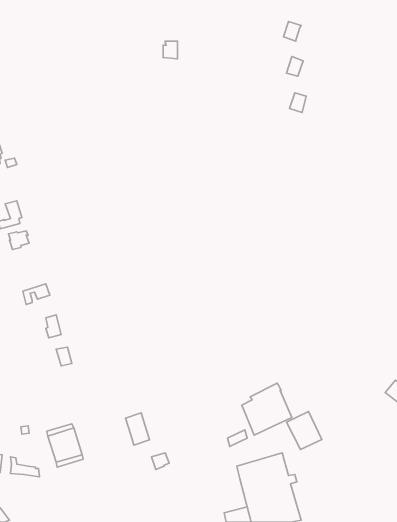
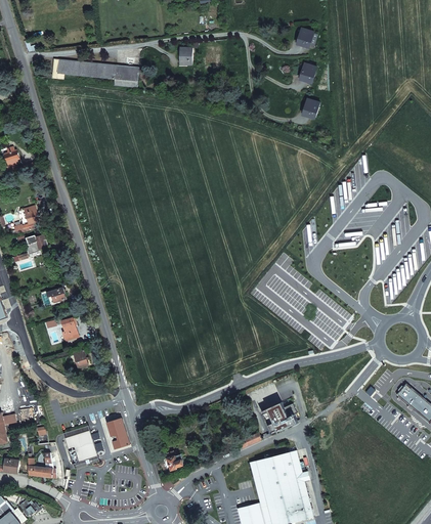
building: none -> [46,59,137,87]
building: [287,411,322,449] -> none
building: [126,413,149,445] -> [105,418,129,449]

